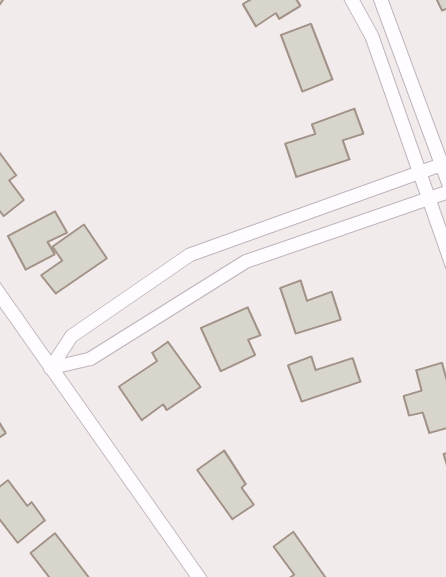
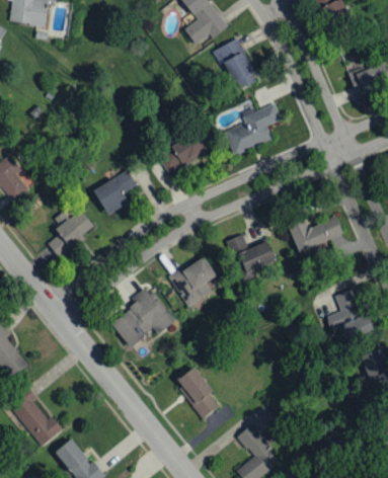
building: none -> [157,132,209,171]
building: [8,211,67,270] -> [93,170,138,216]
building: [288,357,361,401] -> [288,218,343,253]

